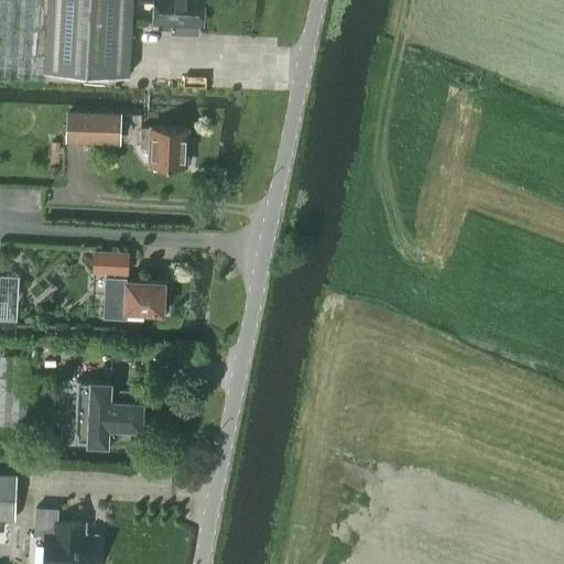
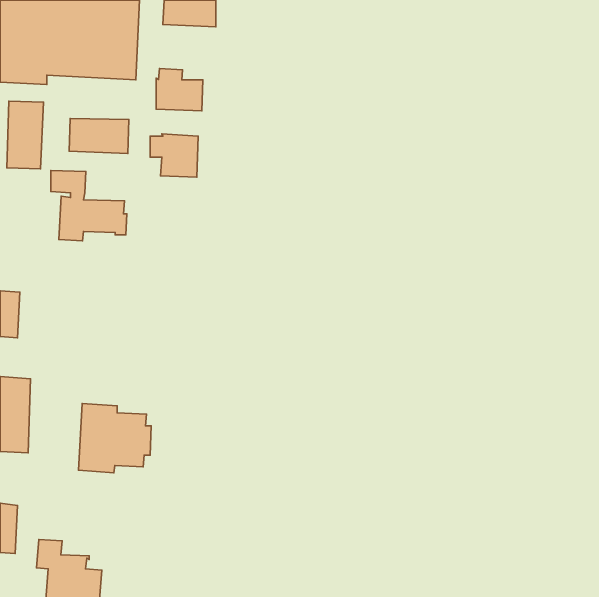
building: none -> [156,68,203,111]
building: none -> [7,101,44,169]
building: [95,253,166,319] -> [51,170,127,241]

